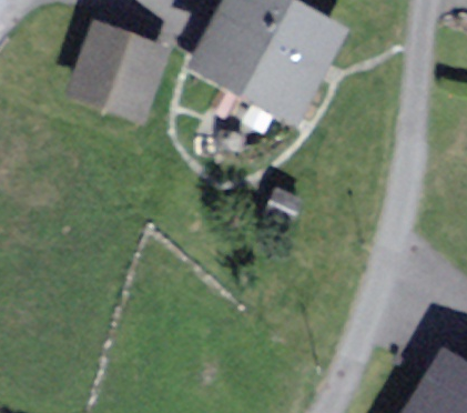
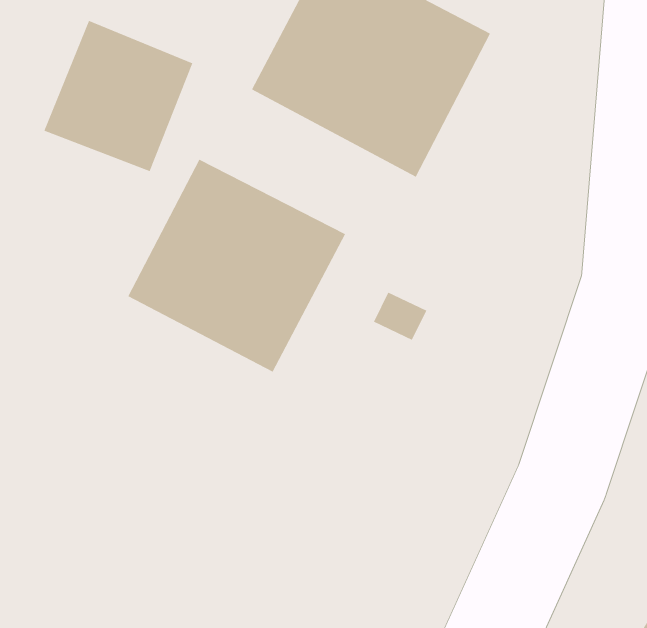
building: none -> [128,159,346,372]

